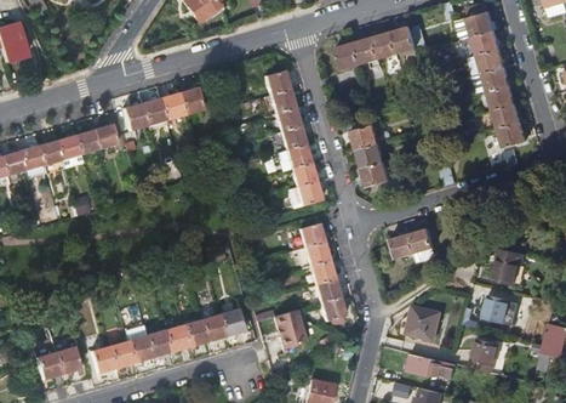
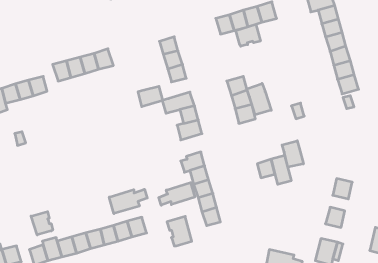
building: none -> [236,24,260,46]
building: [273,126,305,153] -> [138,86,163,107]
building: none -> [247,83,271,115]
building: none -> [282,141,303,167]
building: none -> [159,183,195,205]
building: none -> [109,189,147,214]
building: none -> [31,212,53,235]
building: [405,303,439,340] -> none

